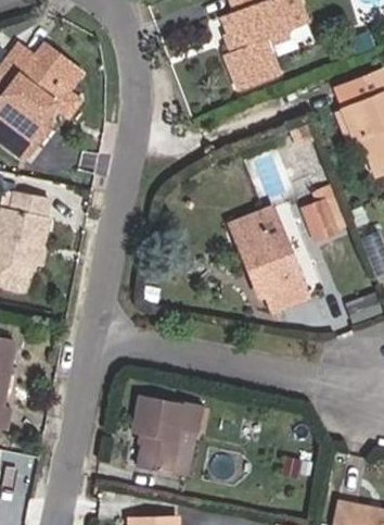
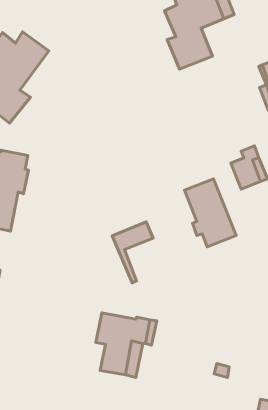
building: [229,207,280,283] -> [112,222,153,283]

